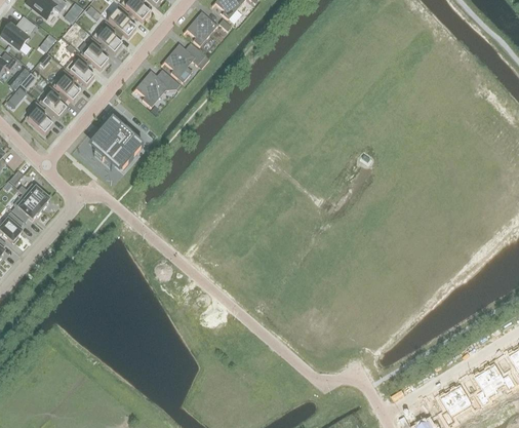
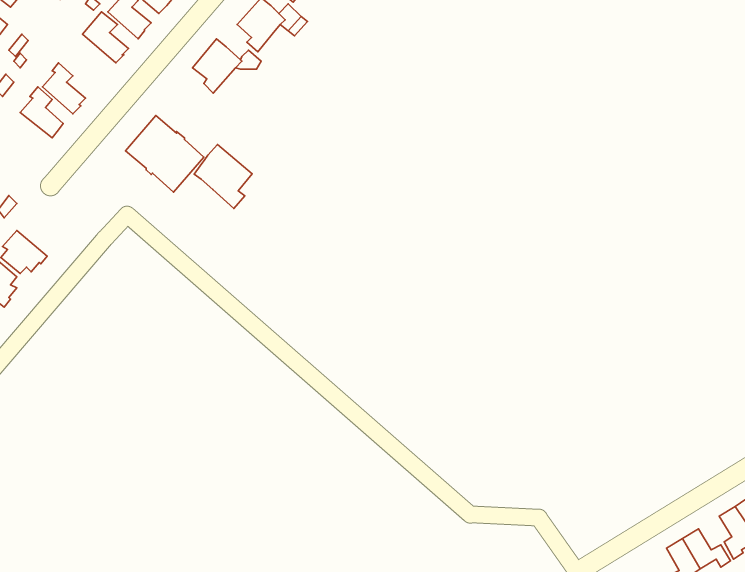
building: [52,71,80,102] -> none
building: none -> [194,145,252,209]
building: [17,183,50,209] -> none

